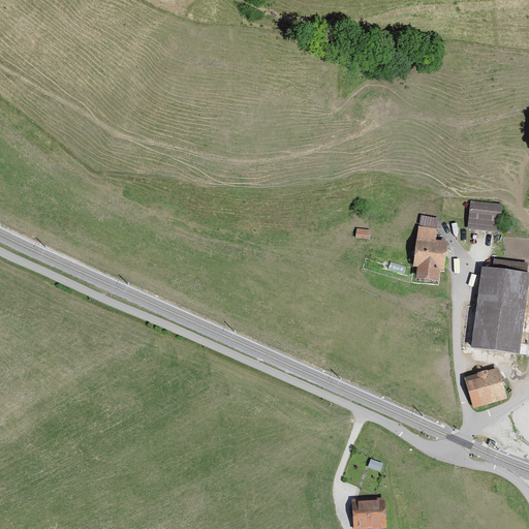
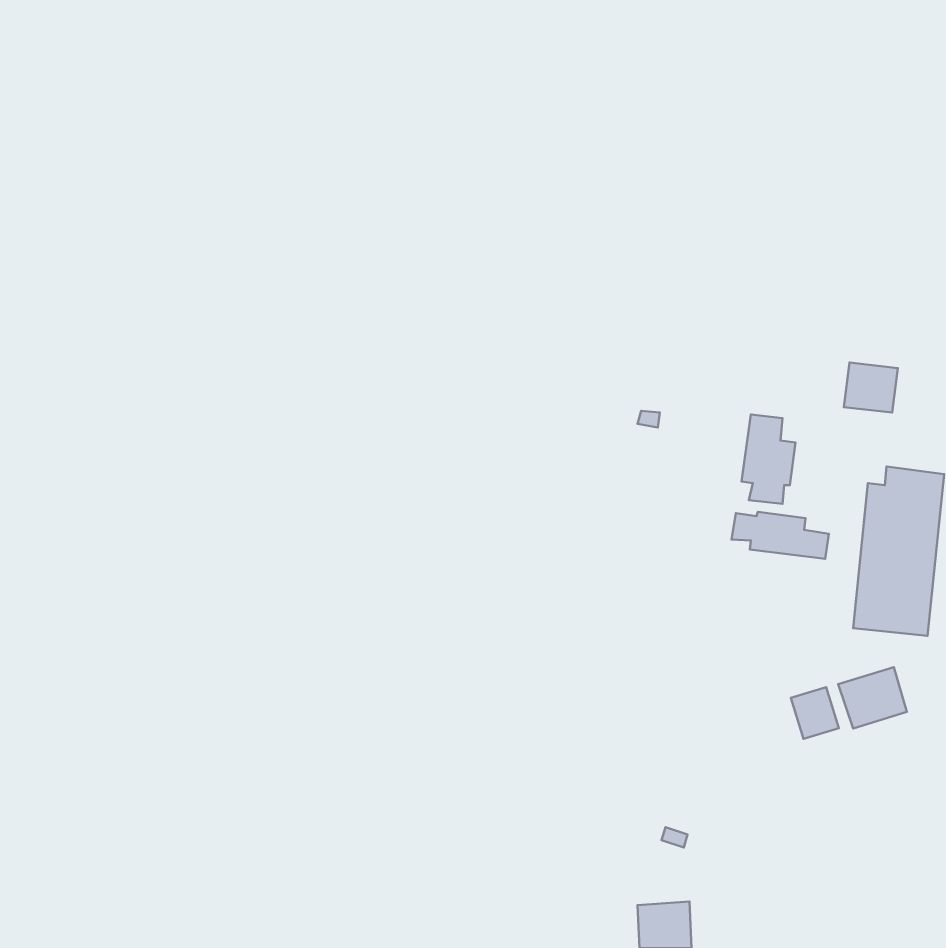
building: none -> [732,512,829,559]
building: none -> [791,687,839,739]

